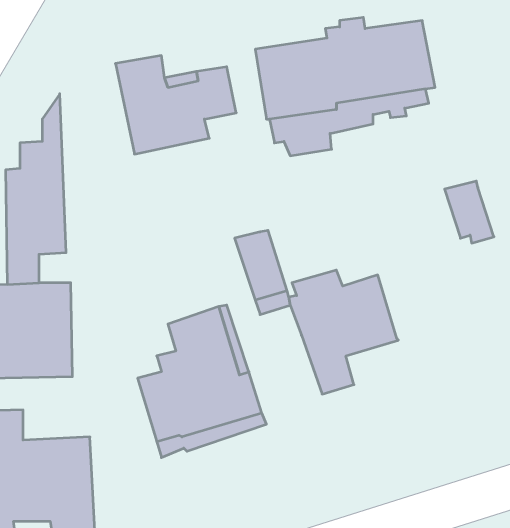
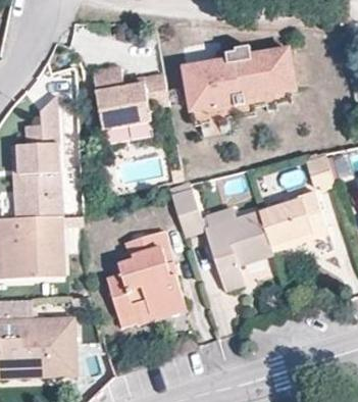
building: none -> [258,191,327,252]

